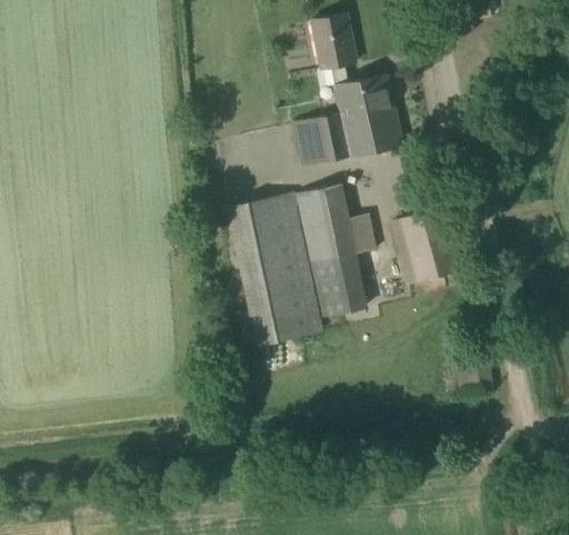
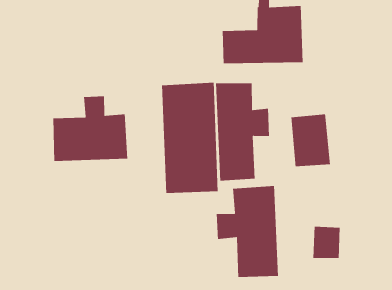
building: none -> [52,96,128,162]
building: none -> [216,185,279,278]

